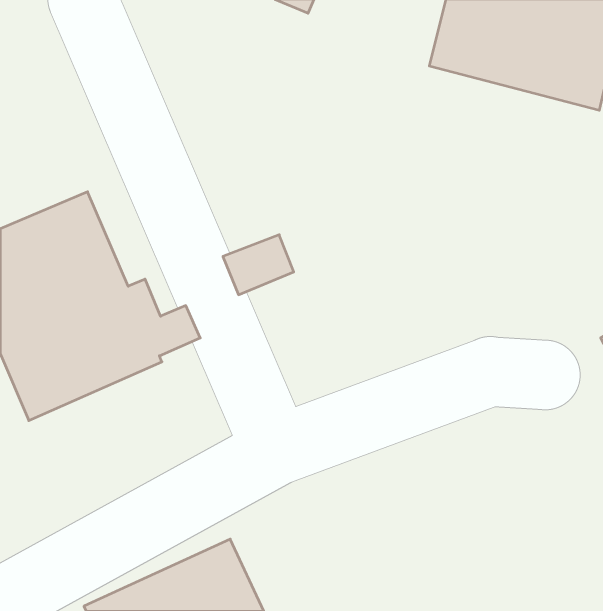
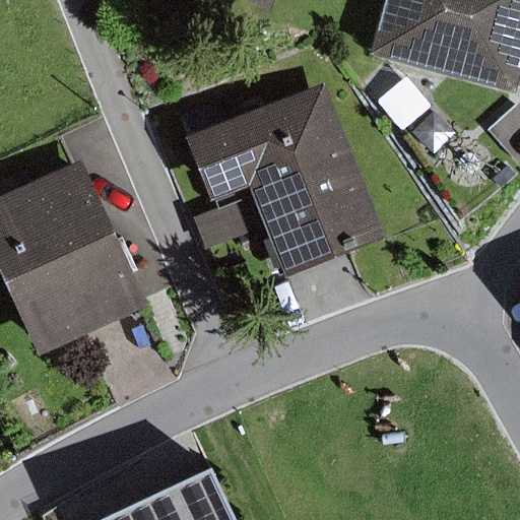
building: none -> [184,83,385,277]

